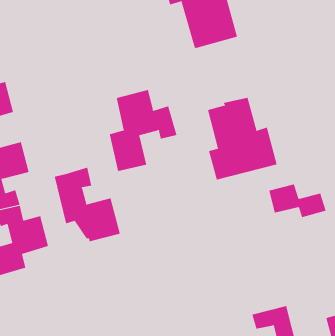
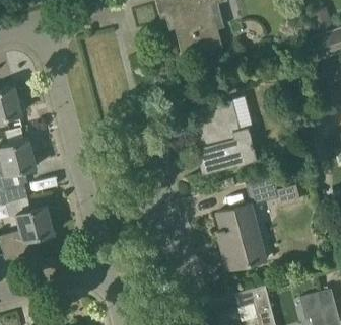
building: [109,89,177,172] -> none
building: [54,167,120,242] -> none
building: none -> [217,204,266,270]

